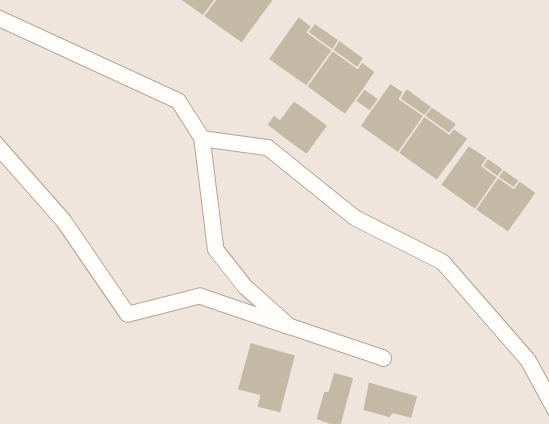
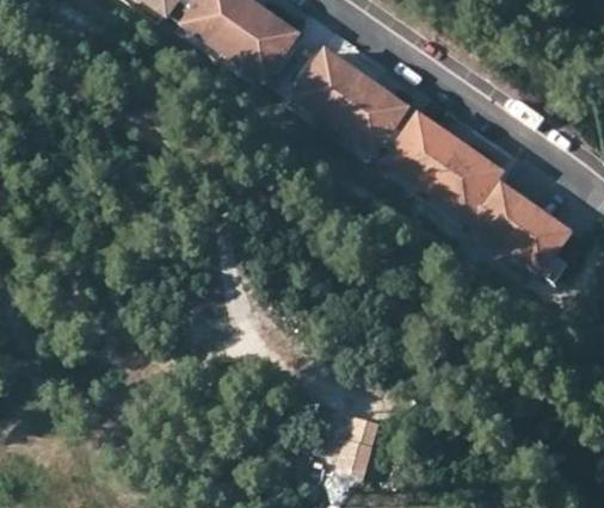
building: [266,100,328,155] -> none
building: [237,342,296,413] -> none
building: [362,381,418,419] -> none

